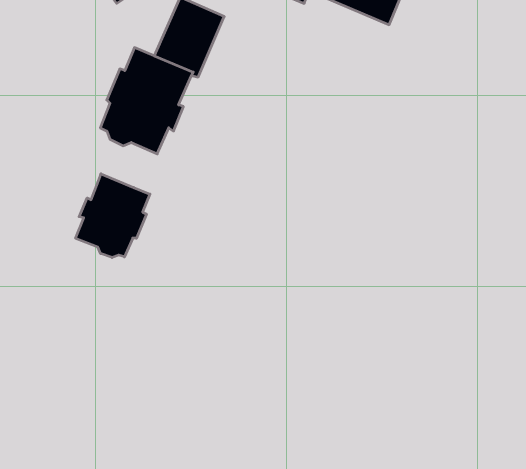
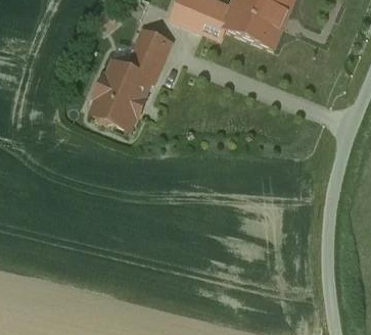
building: [76,174,150,258] -> none

